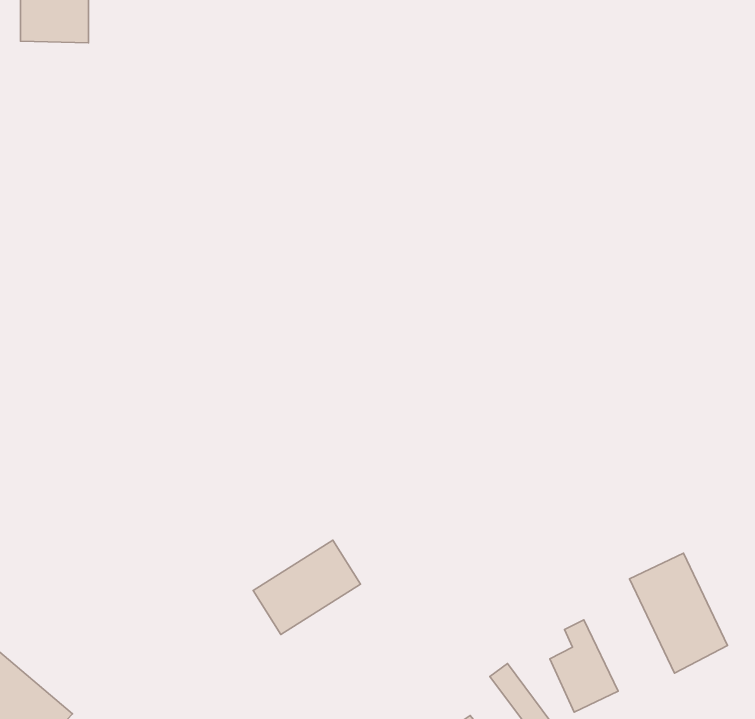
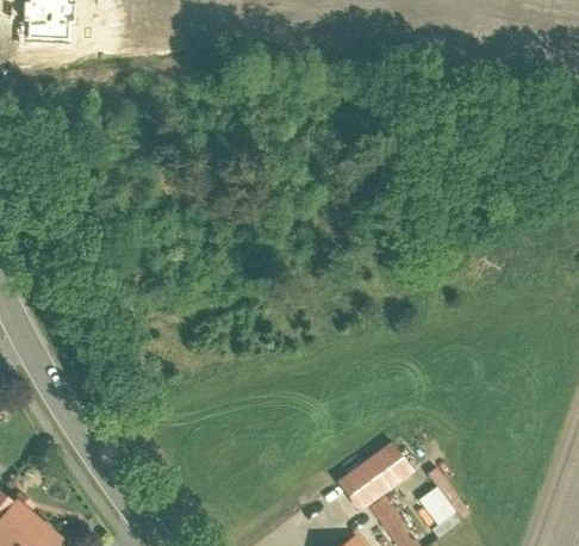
building: [253,540,360,634] -> [329,442,407,511]
building: [630,553,727,673] -> none

